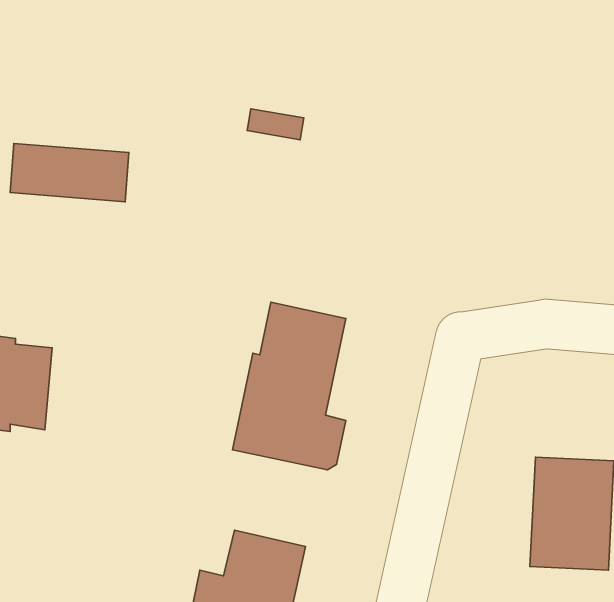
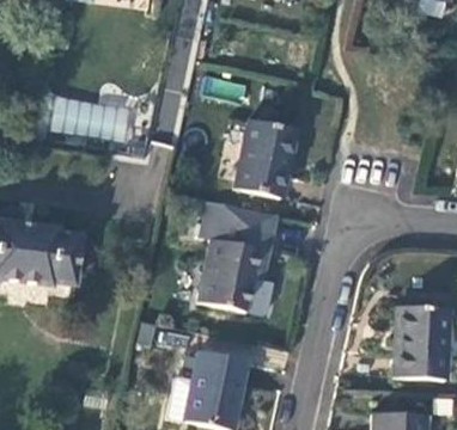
building: none -> [237,116,298,194]

